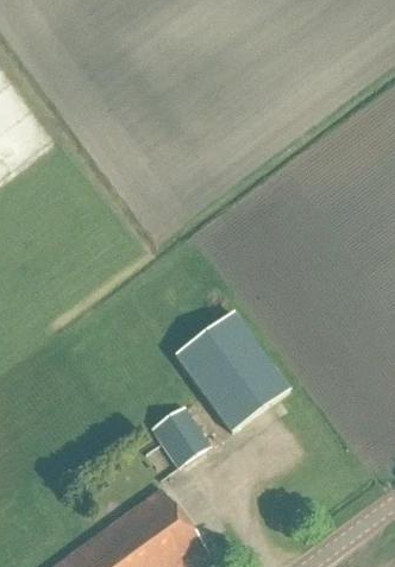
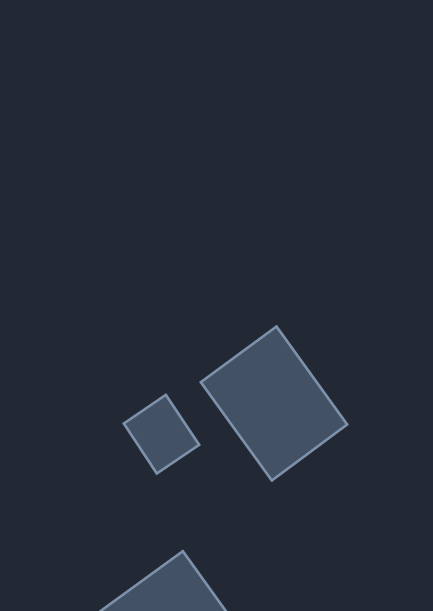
building: [151,407,211,468] -> [124,395,199,473]

